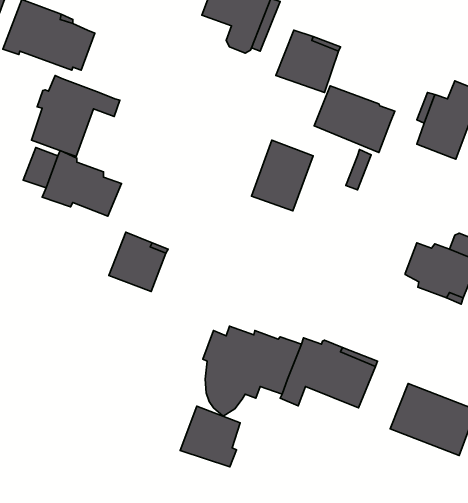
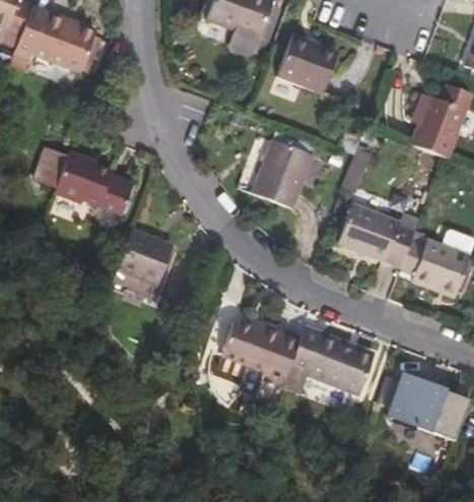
building: [31,76,120,156] -> none
building: [314,86,395,152] -> [339,203,416,267]
building: [180,406,240,467] -> none

